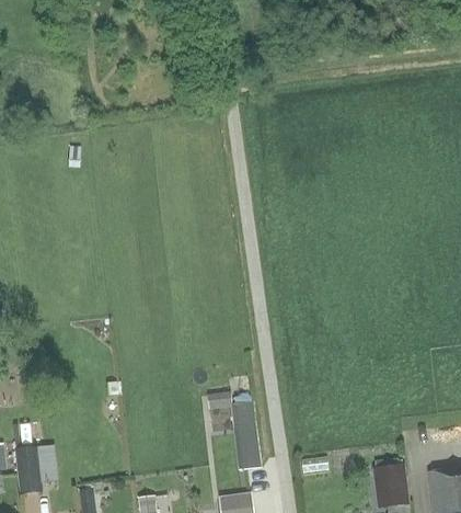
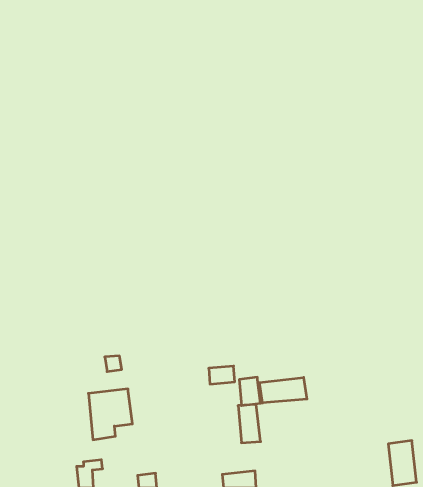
building: none -> [260,377,307,403]
building: [16,446,59,495] -> [88,389,132,440]

